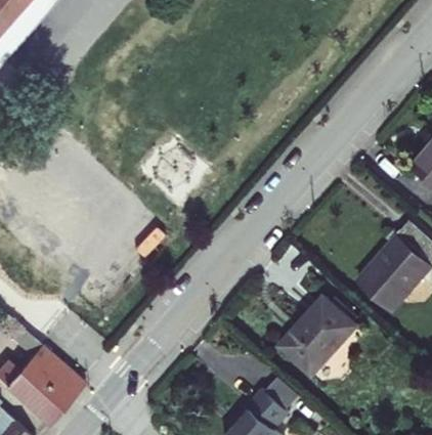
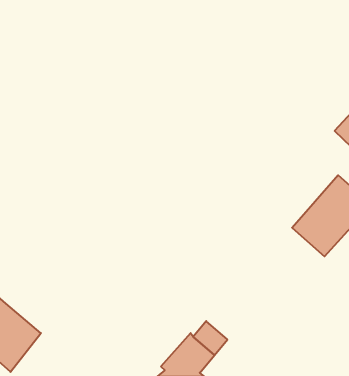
building: [279,299,356,383] -> none

